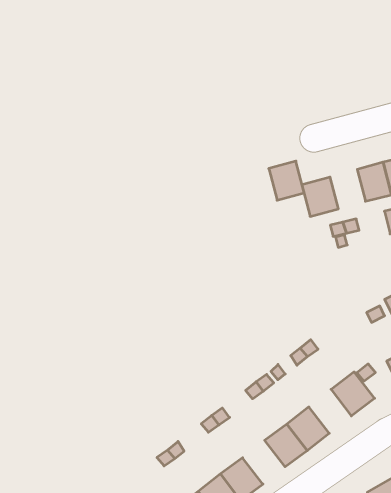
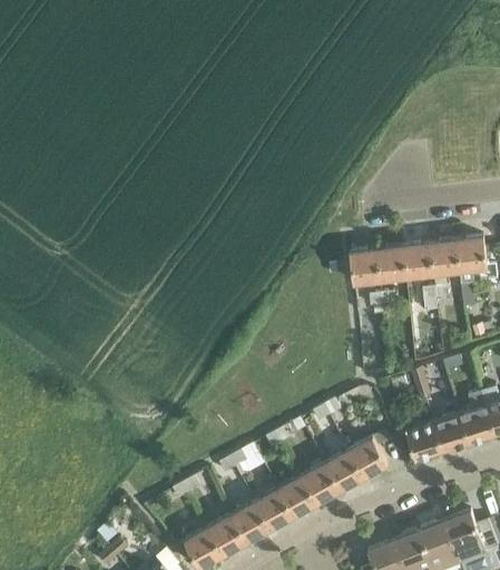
building: [269,161,304,200] -> [376,245,406,279]
building: none -> [324,450,363,491]
building: none -> [254,489,293,530]

